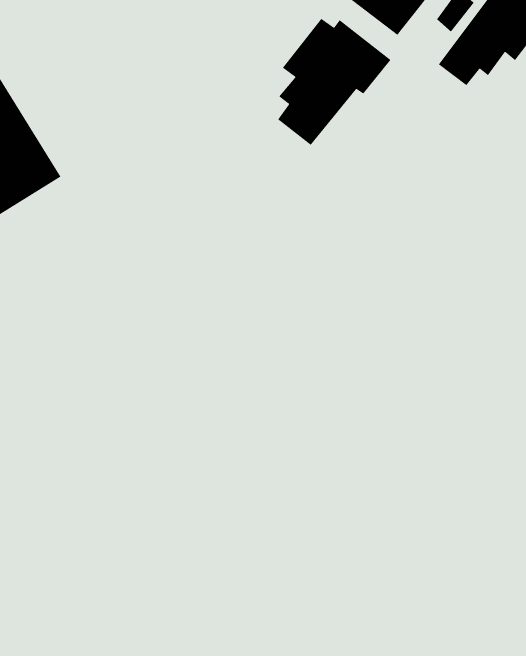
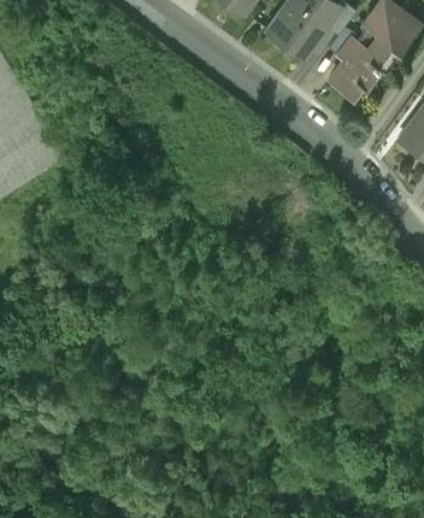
building: [277,18,391,146] -> none

